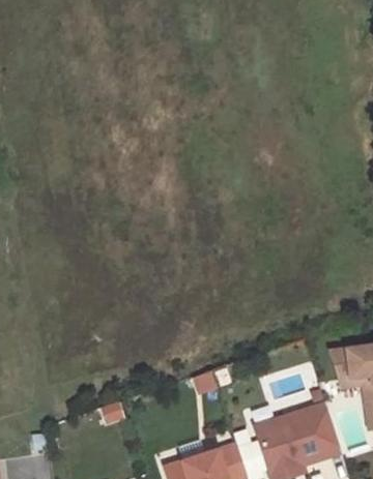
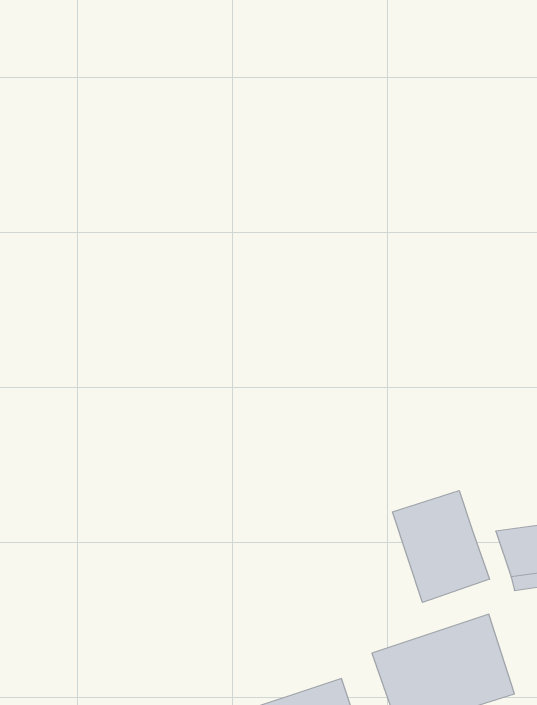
building: none -> [392,491,490,602]

